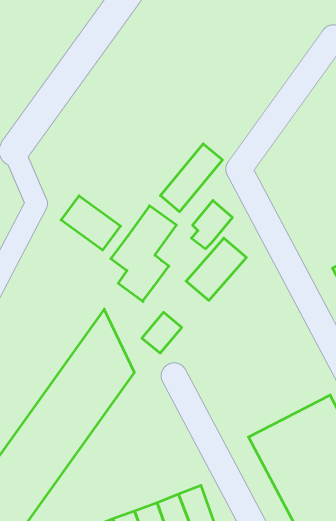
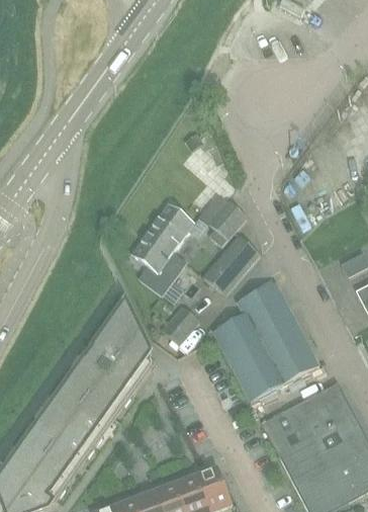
building: [160,144,222,212] -> none
building: [61,196,121,250] -> none
building: none -> [211,281,317,401]

